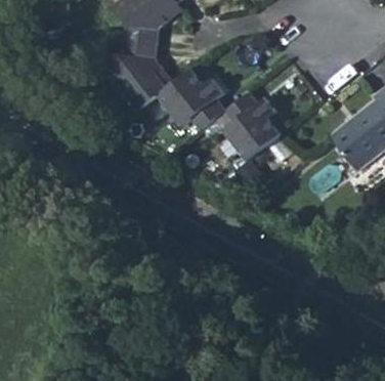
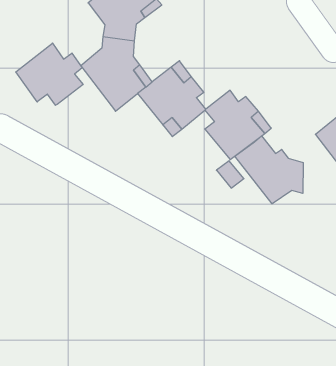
building: none -> [16,43,83,105]
building: none -> [235,136,303,204]

